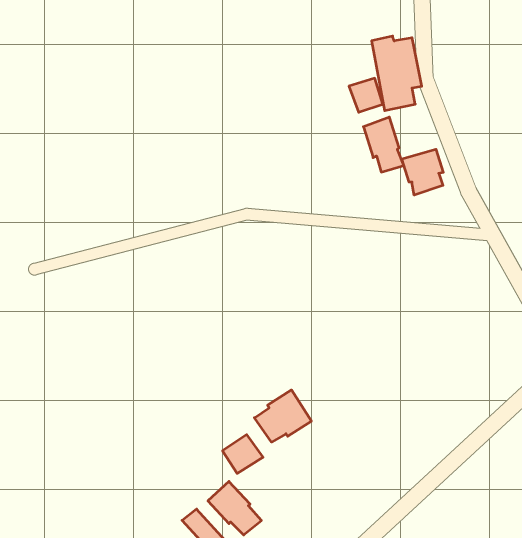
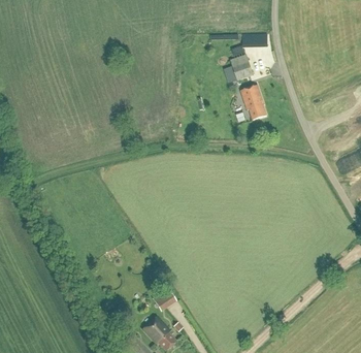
building: [402,149,443,195] -> none
building: [254,390,311,442] -> none

